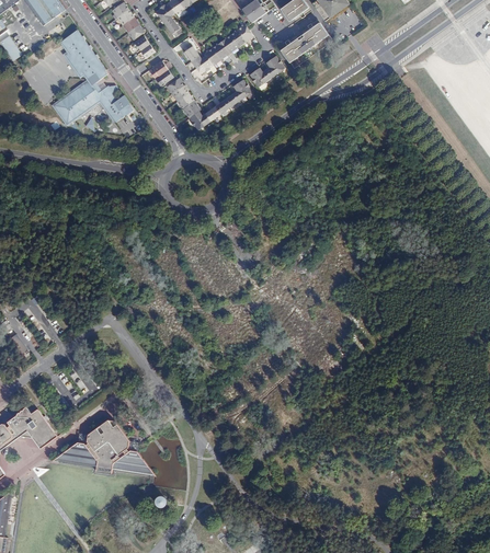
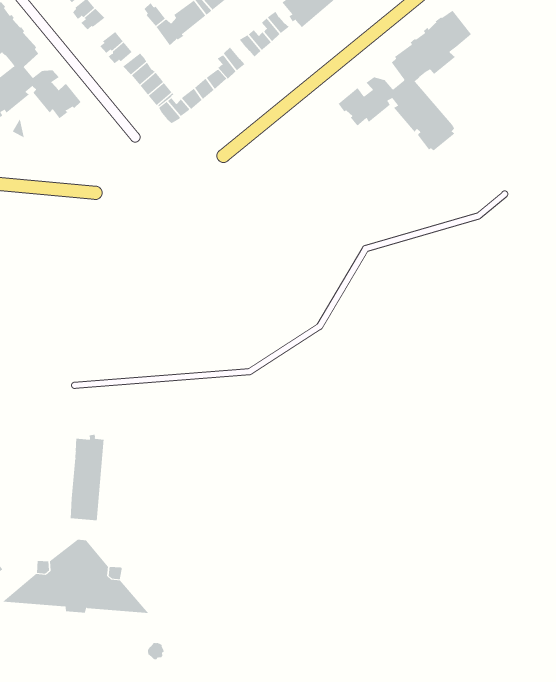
building: none -> [338,10,472,152]
building: none -> [70,434,104,521]

